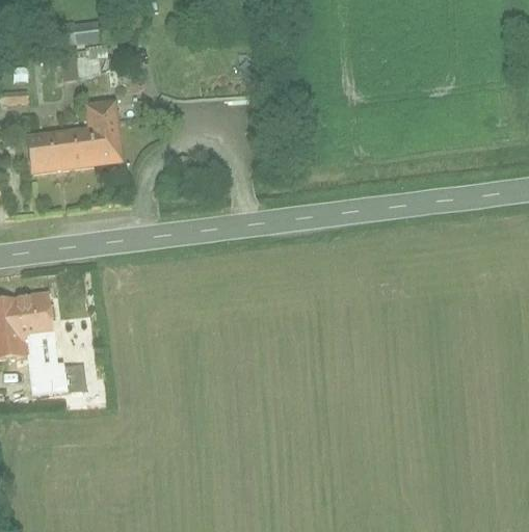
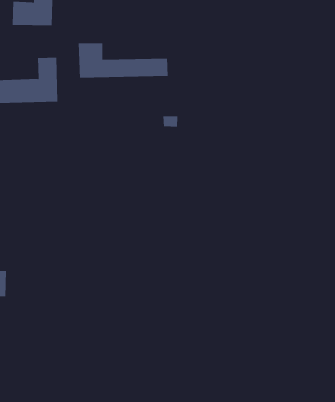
building: none -> [78,43,168,79]

